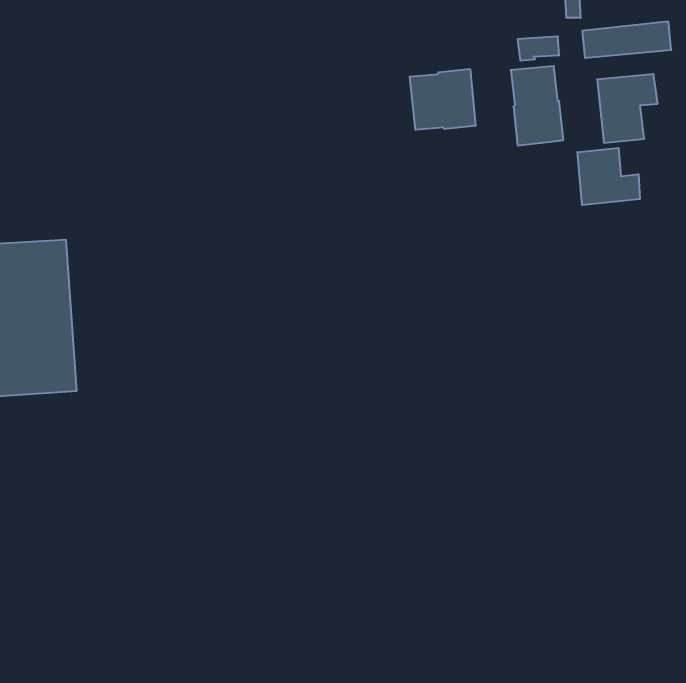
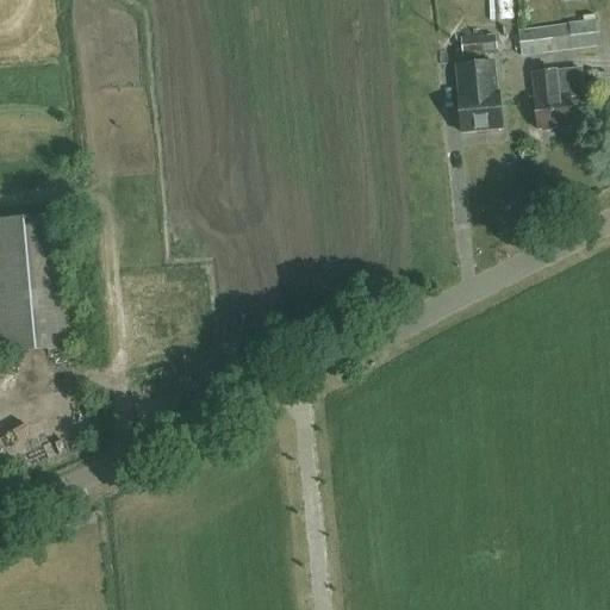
building: [410,69,475,130] -> none
building: [577,148,640,205] -> none

